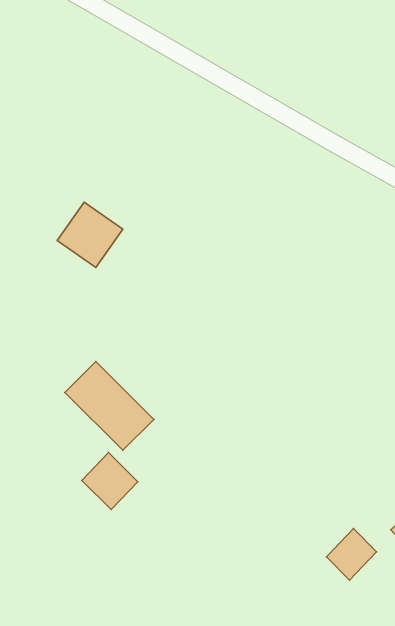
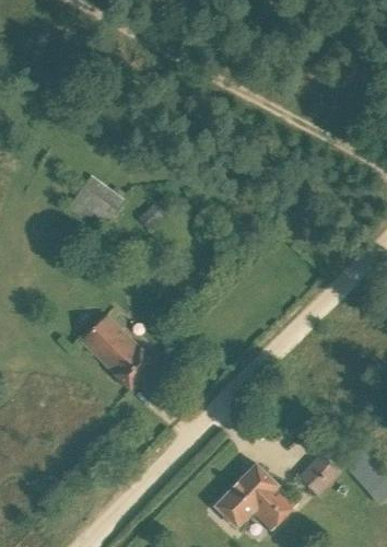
building: [82,452,138,510] -> none
building: none -> [214,465,295,531]

